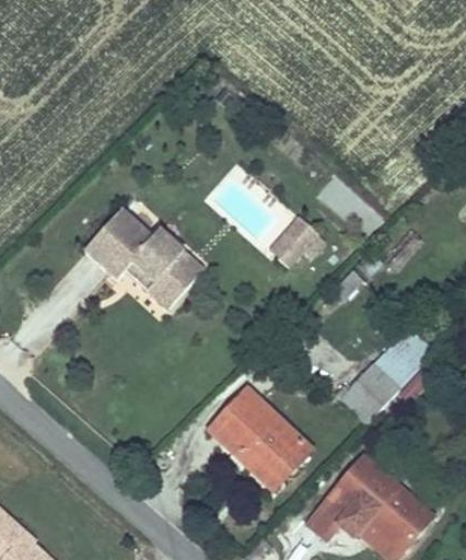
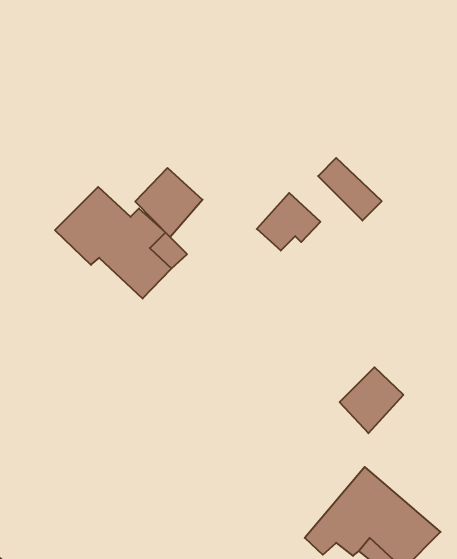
building: none -> [135,168,203,237]
building: [373,337,429,393] -> none
building: [209,392,308,488] -> none

